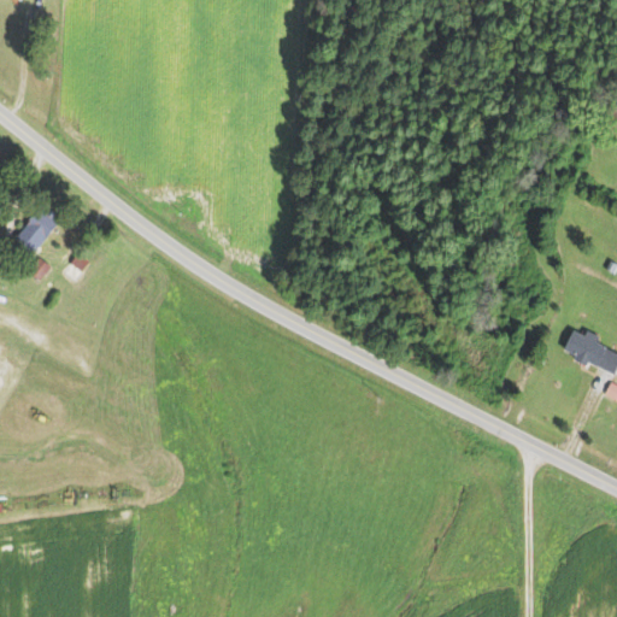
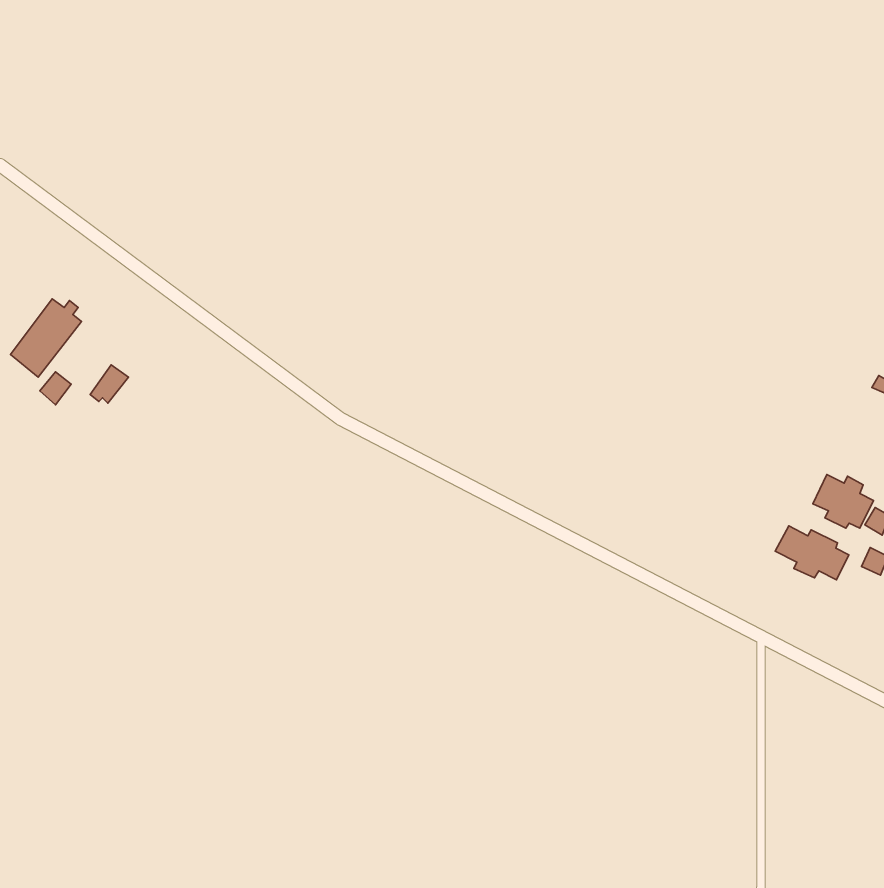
building: none -> [775,526,849,580]

